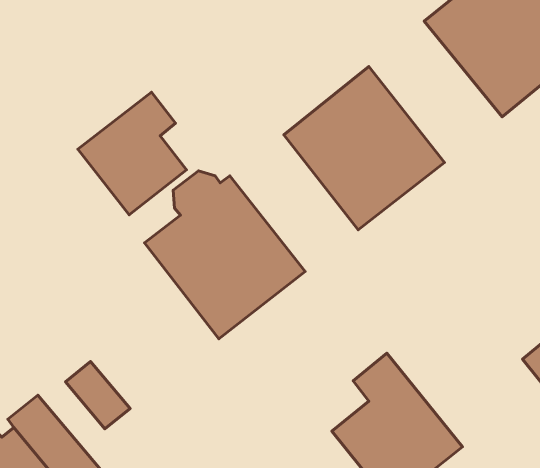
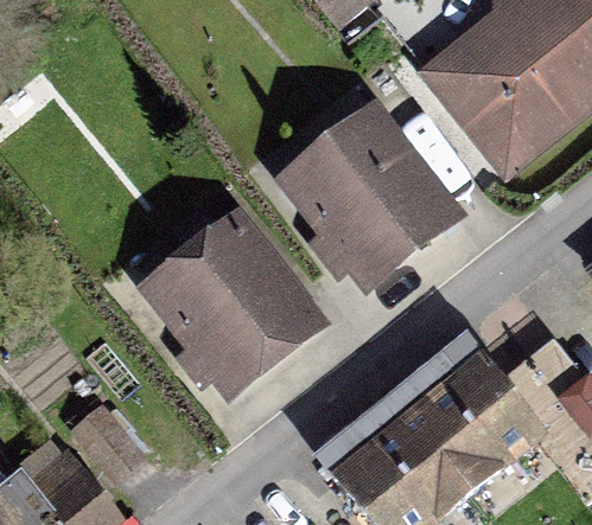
building: [78,92,187,215] -> none
building: none -> [394,360,540,491]

